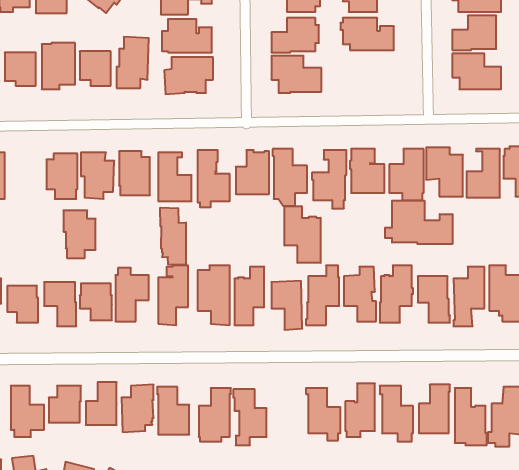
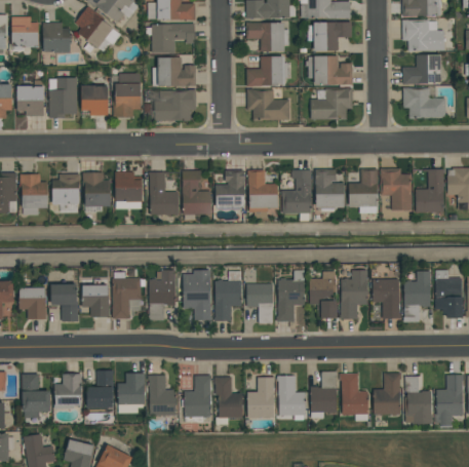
building: none -> [310,87,352,120]
building: [385,201,452,244] -> none
building: [284,206,321,263] -> none
building: [160,208,186,265] -> none
building: [63,210,96,258] -> [19,174,47,216]
building: none -> [247,378,274,418]

